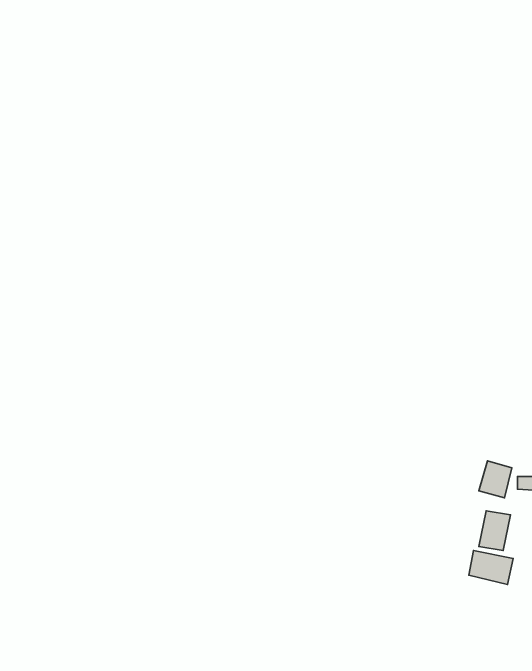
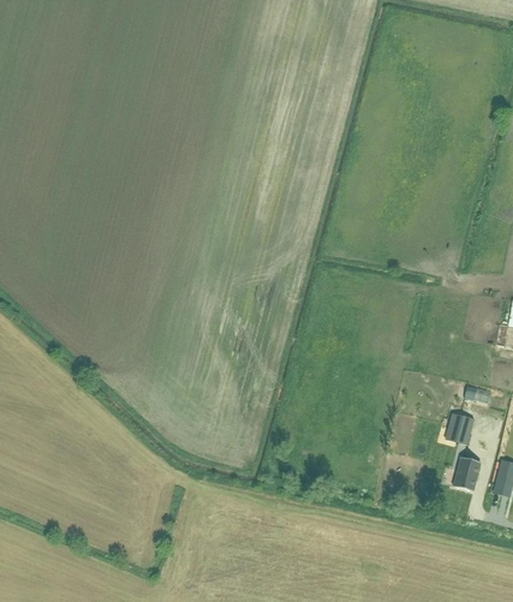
building: [469,550,513,584] -> none

